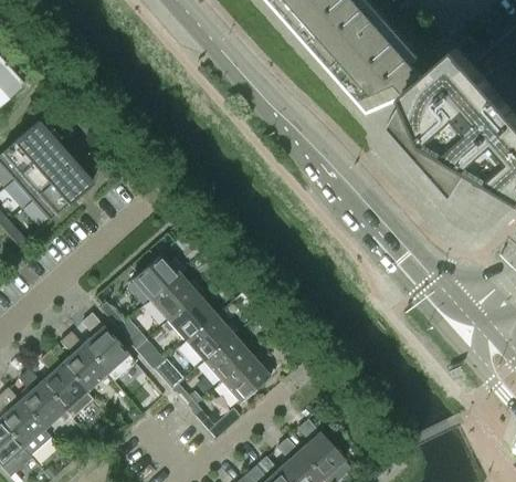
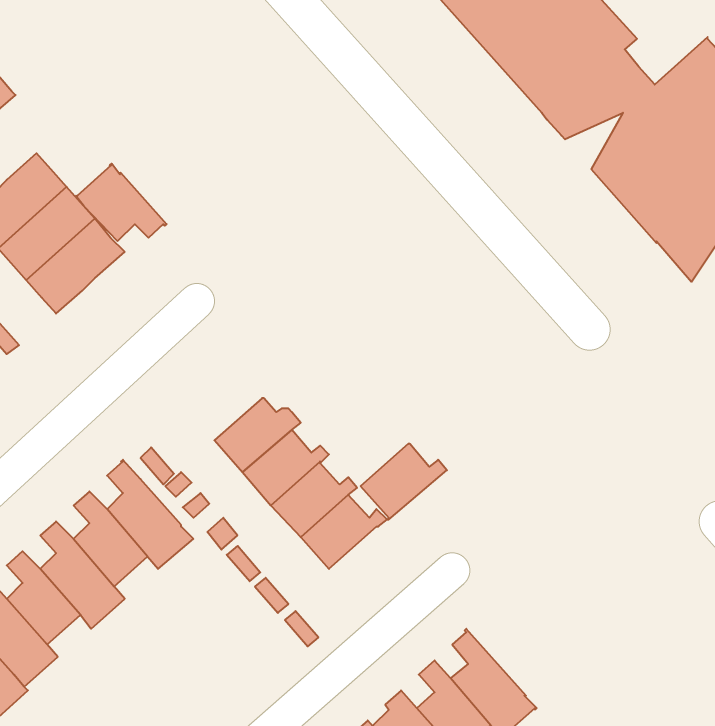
building: none -> [76,164,167,241]
building: [131,253,187,301] -> none
building: [222,355,276,402] -> [361,444,447,520]

